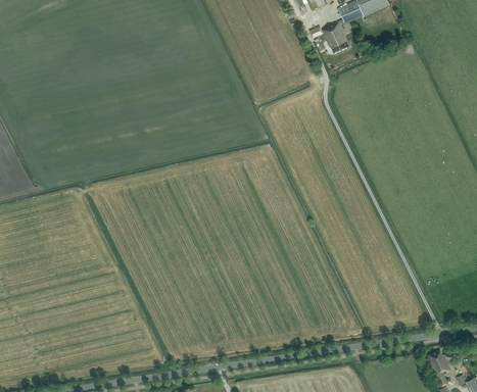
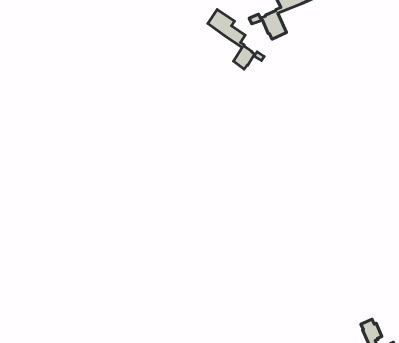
building: none -> [208,9,264,69]

